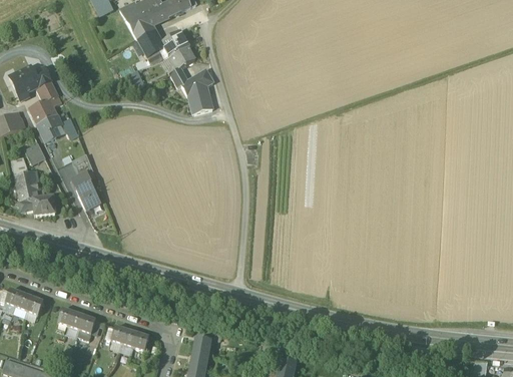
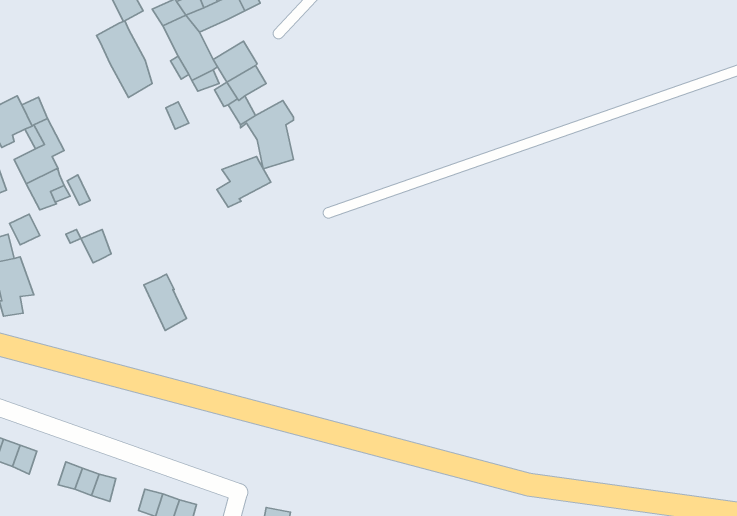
building: none -> [96,21,152,97]
building: none -> [217,156,271,207]
building: [71,173,99,211] -> [144,274,186,331]
building: [32,194,55,216] -> none

